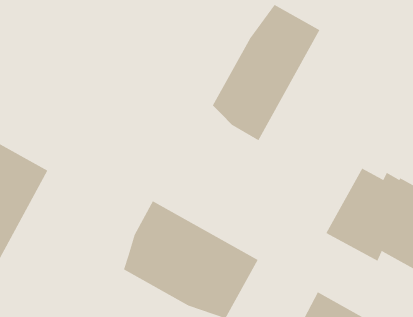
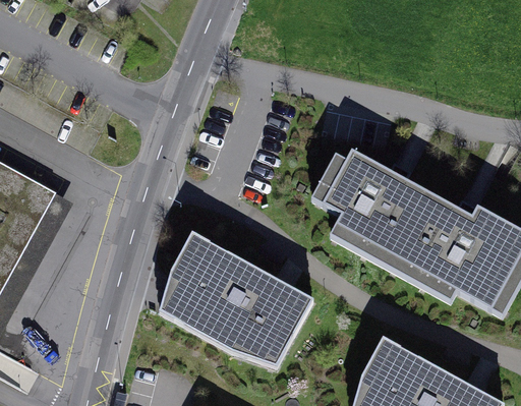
building: [212,4,320,141] -> none
building: none -> [310,149,432,269]

